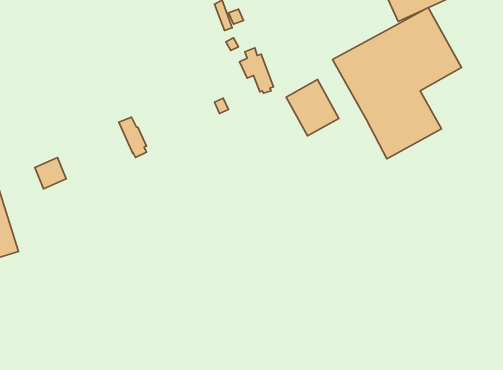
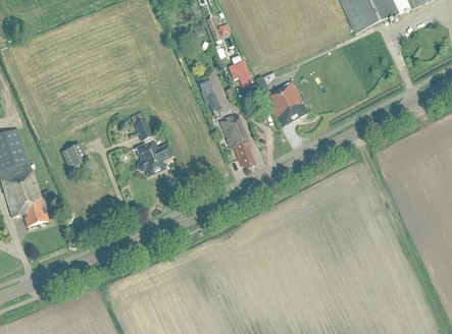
building: [333,8,461,159] -> none
building: none -> [219,113,254,166]
building: none -> [133,138,172,176]

